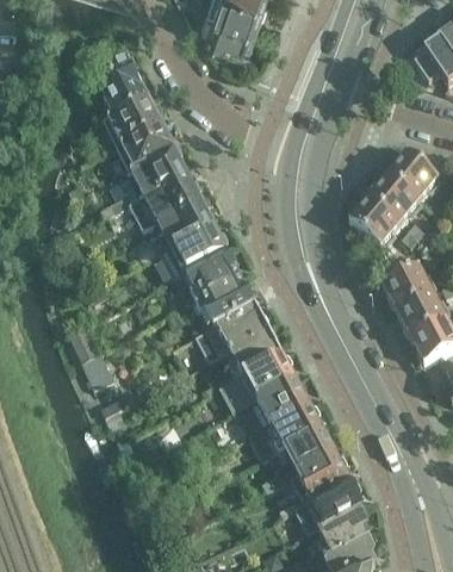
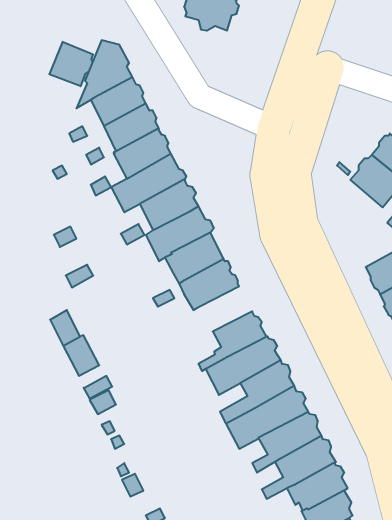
building: none -> [49,42,93,86]
building: [347,195,397,244] -> none
building: [199,301,267,356] -> none

